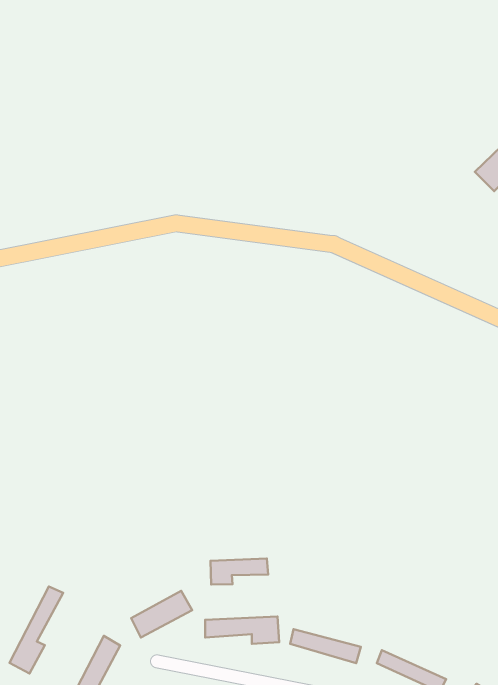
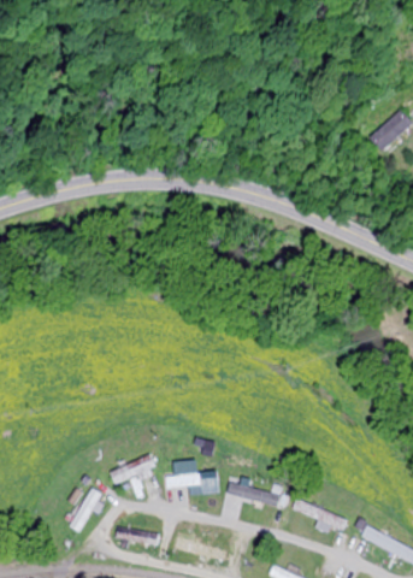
building: [211,558,268,585] -> none
building: [10,587,63,674] -> none

